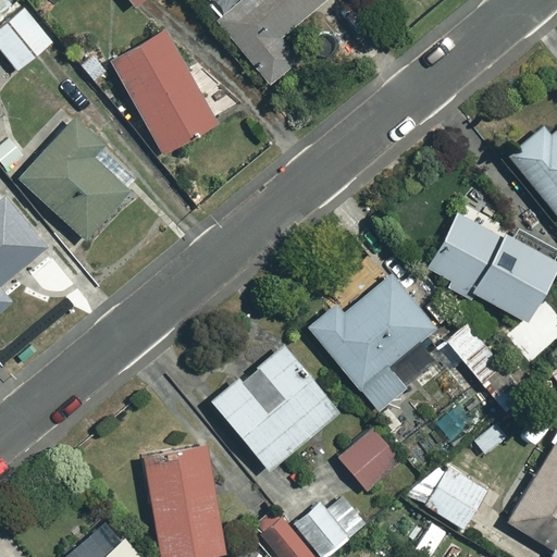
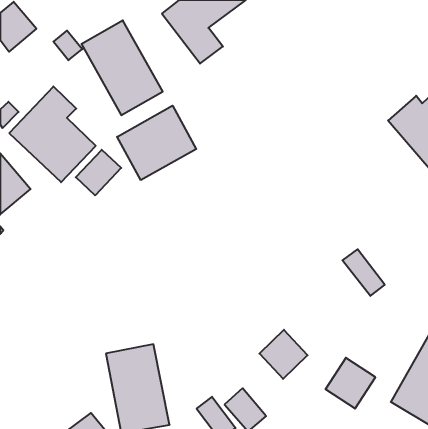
building: none -> [117,106,196,180]
building: none -> [76,150,121,195]
building: [421,213,549,323] -> none
building: [308,264,434,411] -> none
building: [215,343,342,469] -> none

